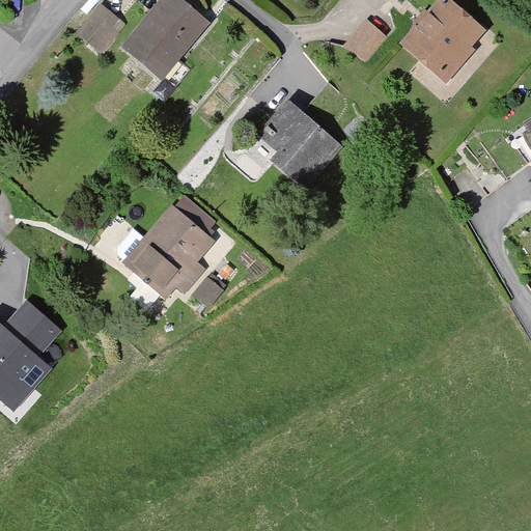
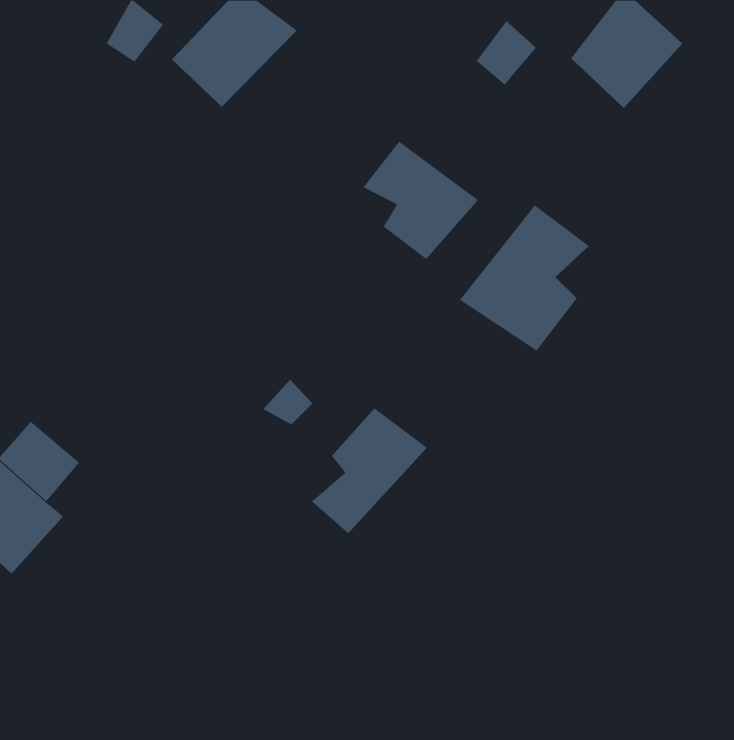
building: none -> [459,204,590,351]
building: [128,198,221,295] -> none
building: none -> [311,408,428,534]

